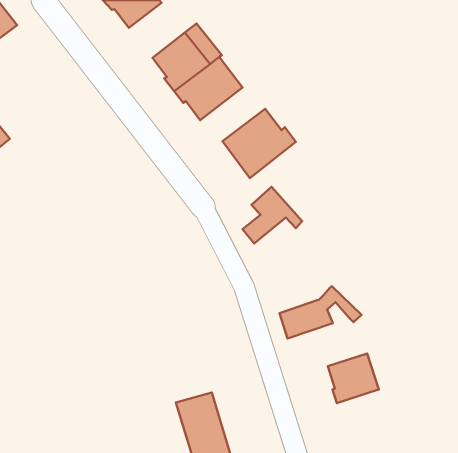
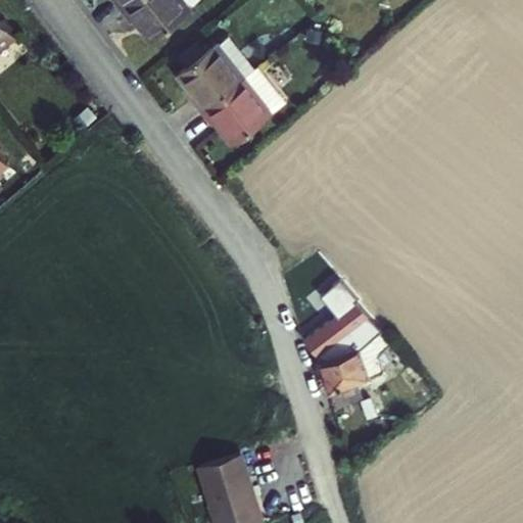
building: [223,109,296,178] -> none
building: [243,187,302,244] -> [306,296,374,361]
building: [328,354,379,403] -> none

